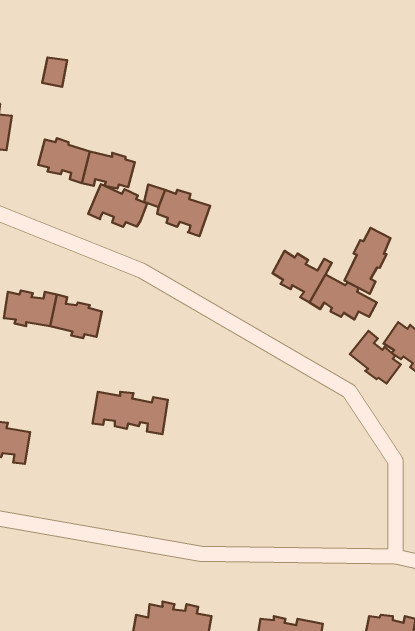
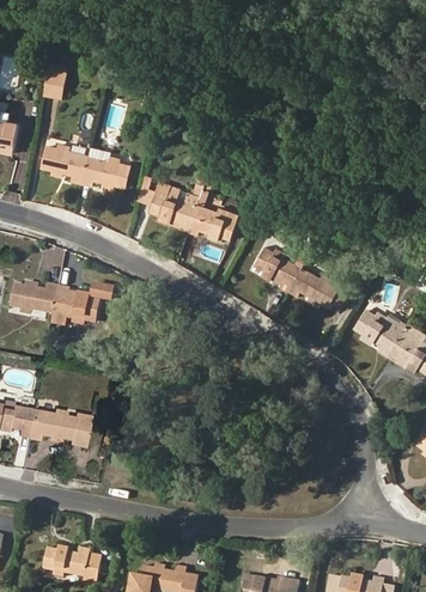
building: [88,184,147,227] -> none
building: none -> [187,205,236,240]
building: [344,228,391,294] -> none
building: [350,331,401,383] -> none
building: [92,392,168,434] -> [29,409,97,447]
building: none -> [41,544,101,584]

